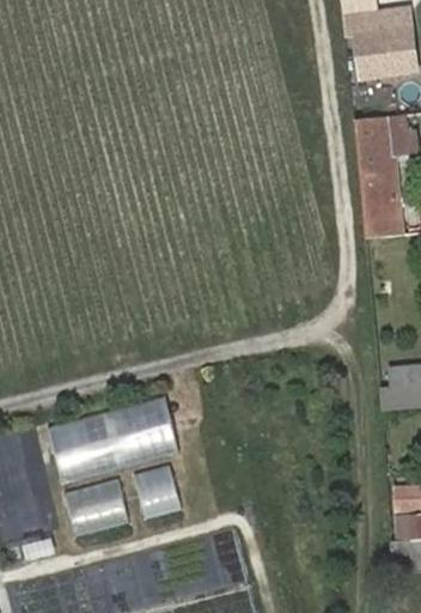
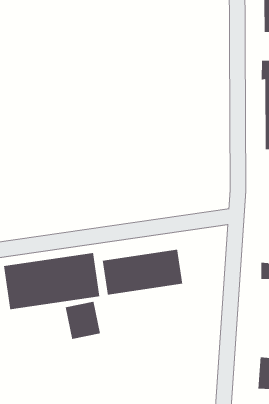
building: none -> [102,249,183,295]
building: [69,479,124,527] -> none

